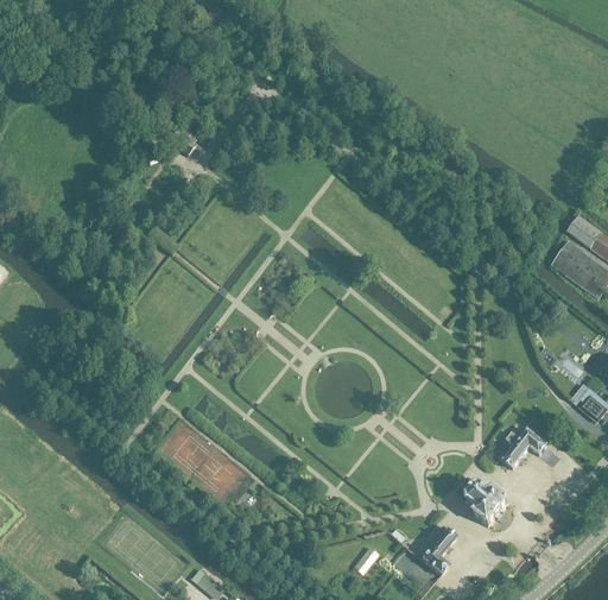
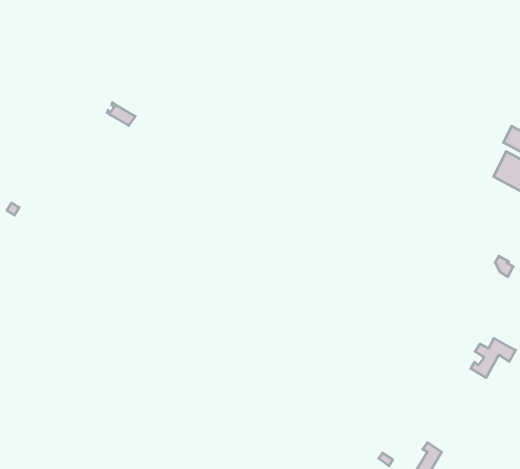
building: [463,485,506,525] -> none

